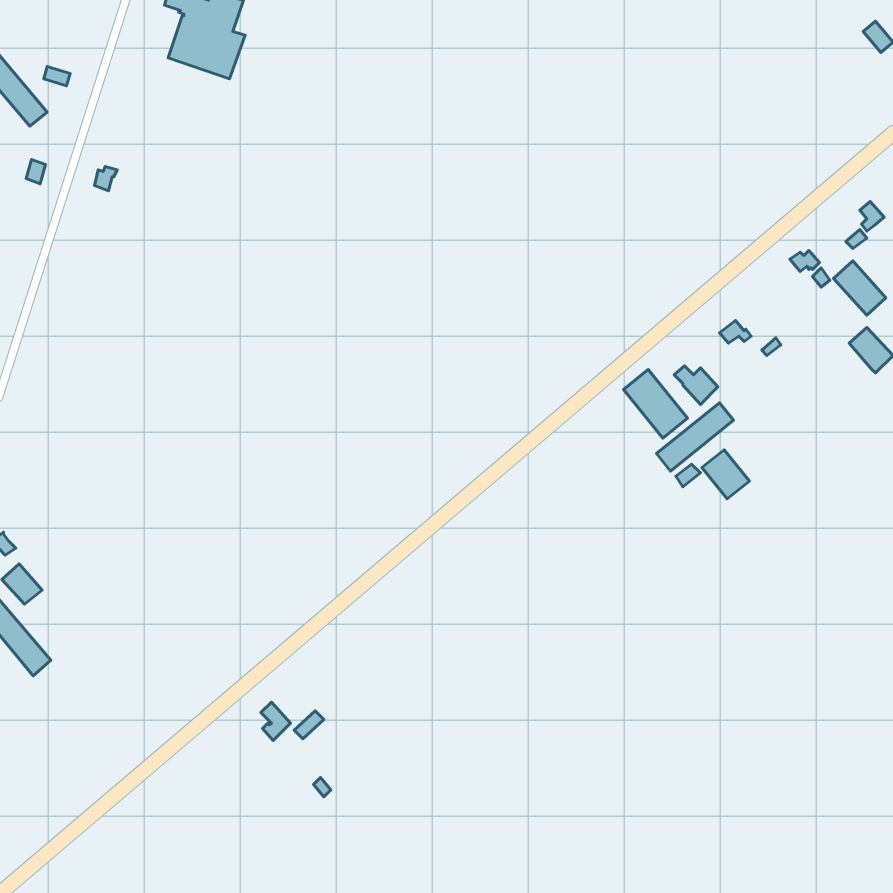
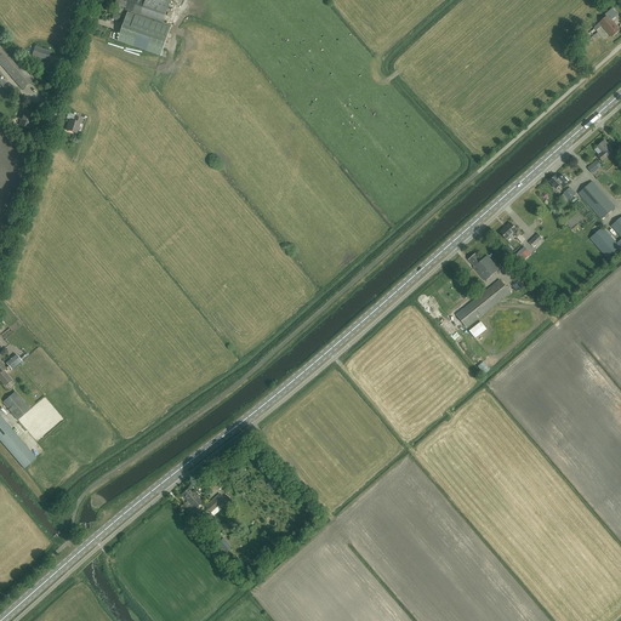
building: [623,370,687,438] -> none
building: [702,450,749,499] -> none

